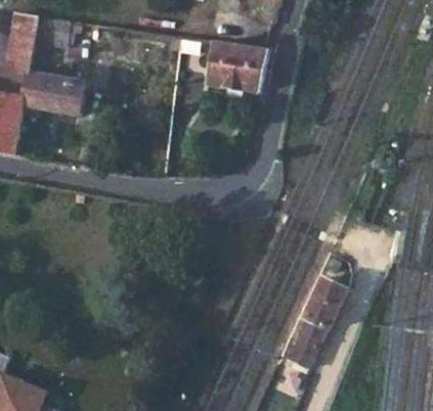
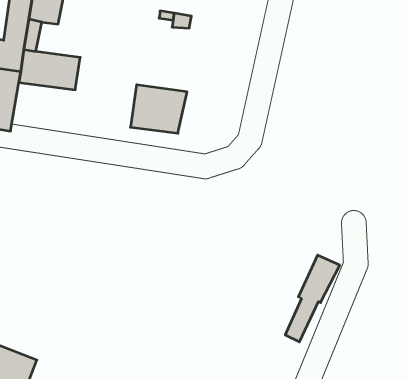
building: [209,41,266,90] -> [130,85,187,133]

